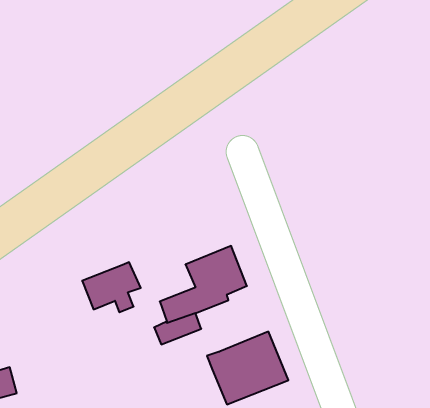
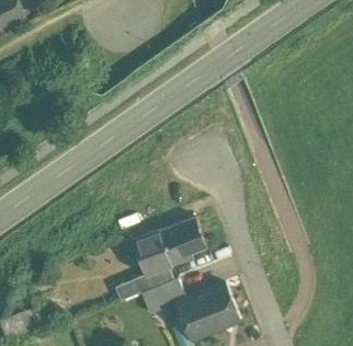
building: [82,262,141,312] -> [141,279,186,318]

